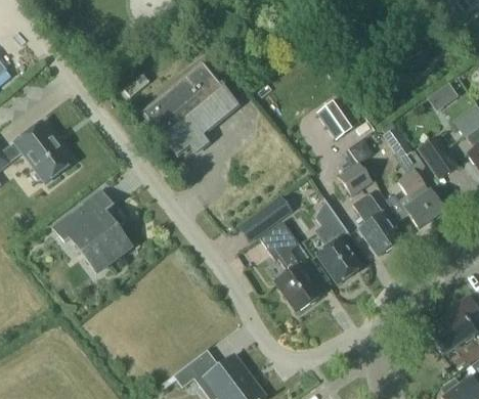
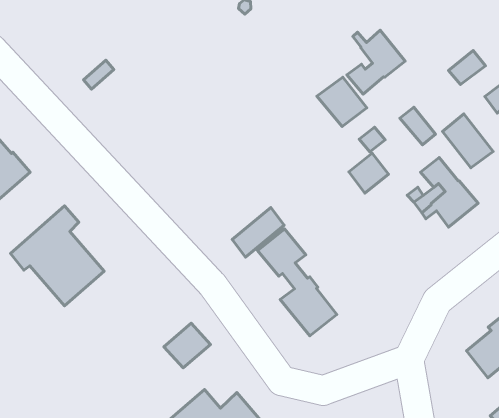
building: none -> [347,30,405,94]
building: [142,61,237,153] -> none
building: [352,193,401,255] -> none
building: [315,199,360,281] -> none
building: none -> [164,323,211,368]

